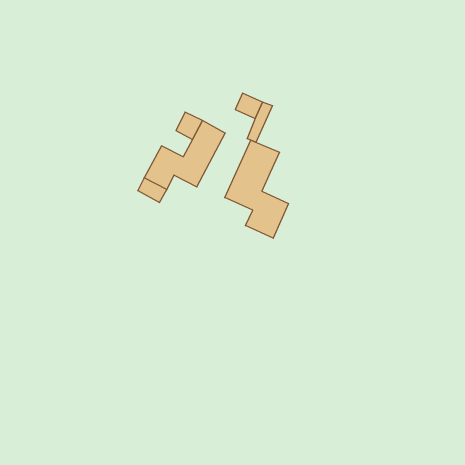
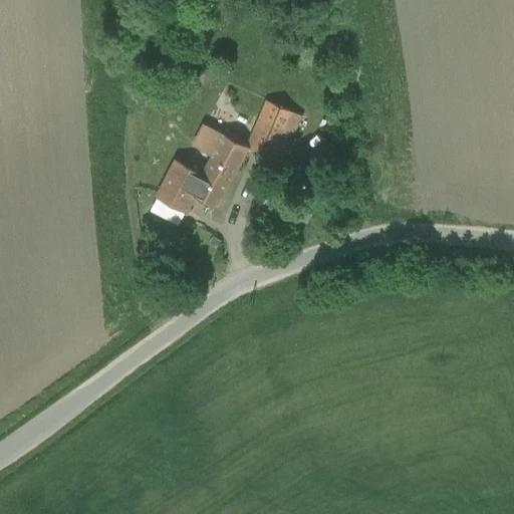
building: none -> [249,120,281,153]
building: [225,140,288,238] -> none

